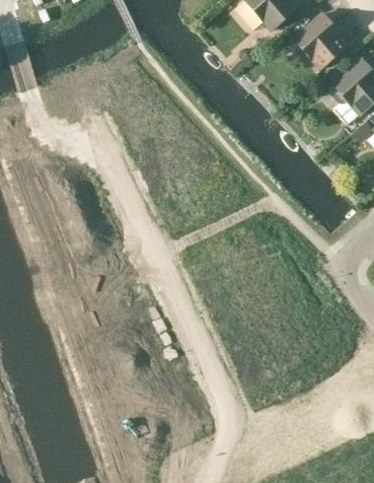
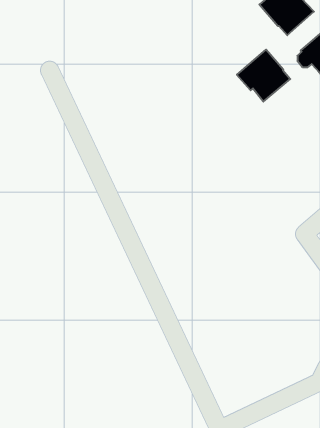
building: none -> [237,50,290,102]

